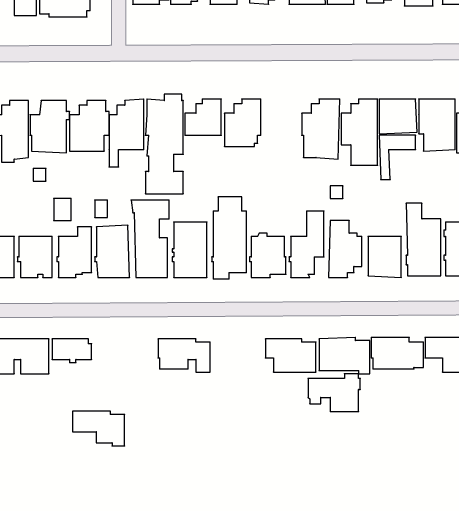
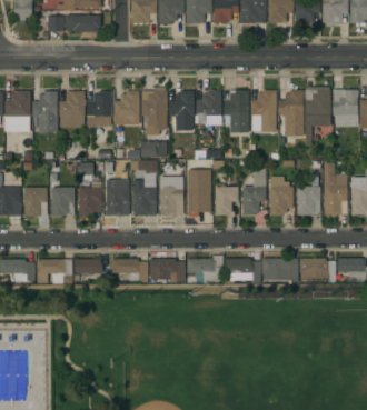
building: none -> [224,90,248,132]
building: [308,374,360,412] -> [187,256,224,282]
building: [73,411,125,446] -> [111,259,148,283]

